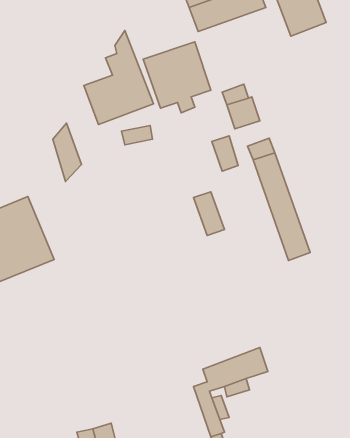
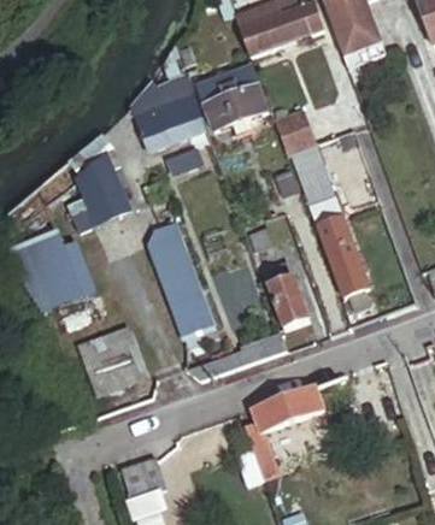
building: none -> [70,166,110,219]
building: none -> [146,218,214,335]
building: none -> [263,265,306,328]
building: none -> [81,332,136,391]

